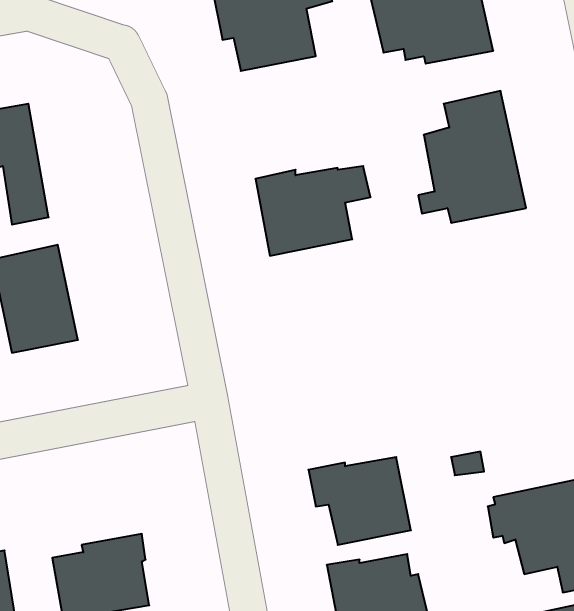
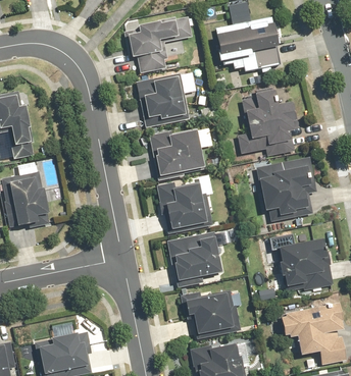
building: none -> [137,71,191,126]
building: none -> [255,154,317,220]
building: none -> [157,173,217,234]
building: none -> [168,230,224,288]
building: none -> [263,235,323,293]

